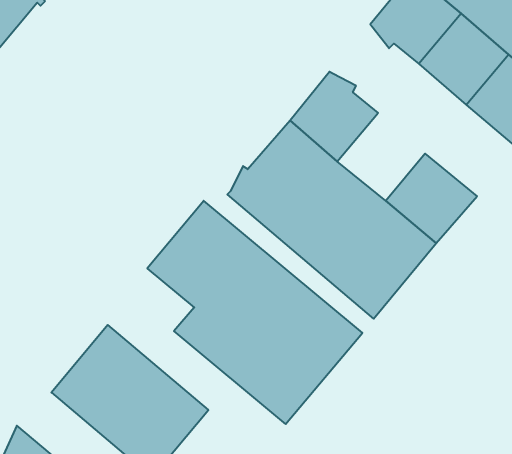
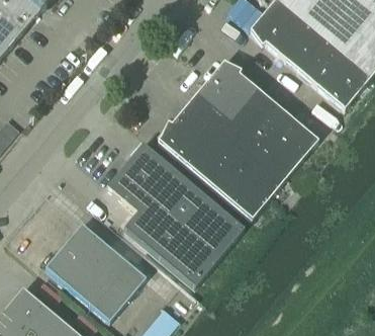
building: none -> [228,85,285,142]

